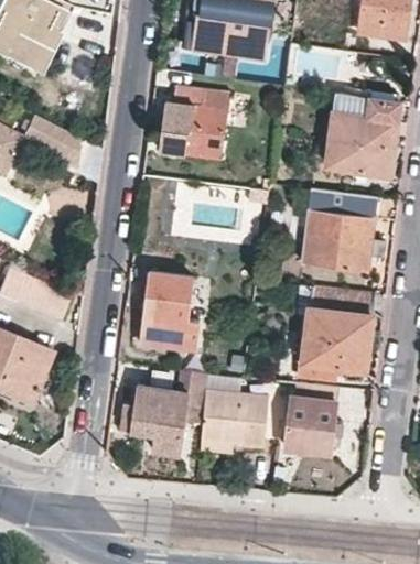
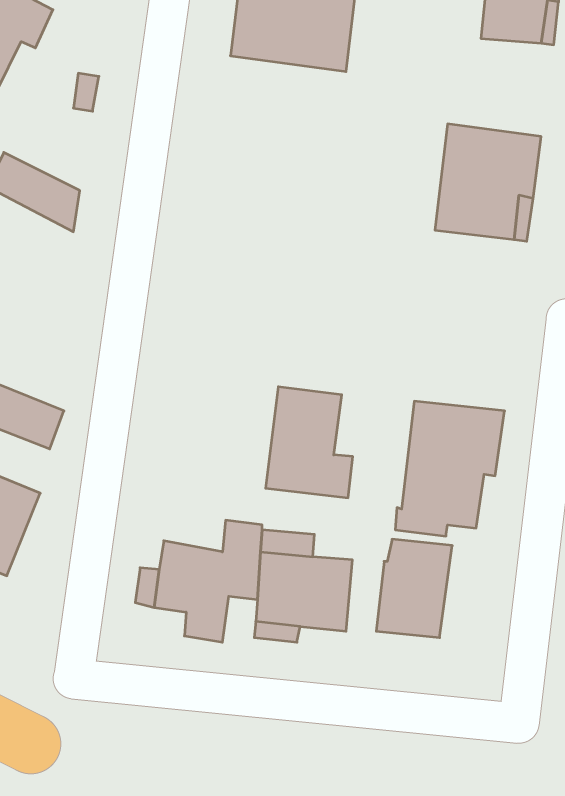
building: [161,87,233,160] -> none
building: [303,187,380,271] -> none
building: [141,271,202,348] -> [266,387,353,498]

